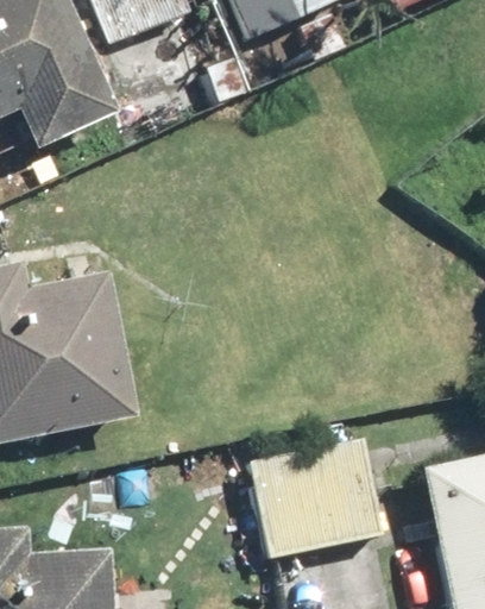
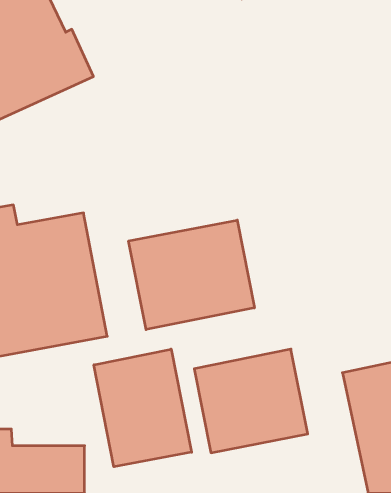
building: none -> [129,220,254,330]
building: none -> [94,349,192,467]

